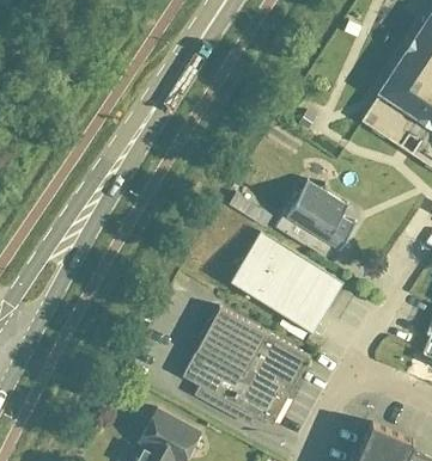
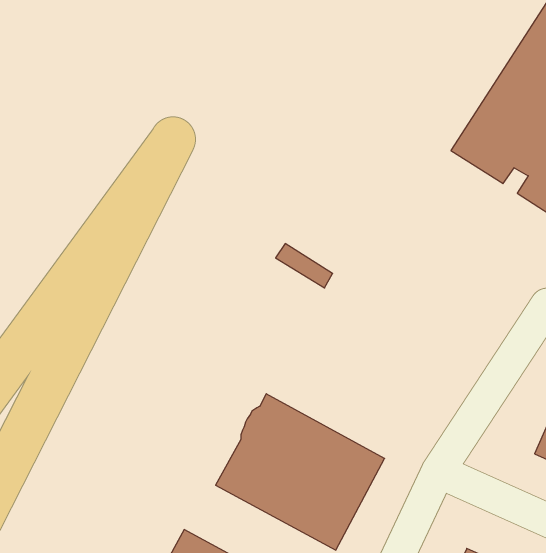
building: [274,182,354,251] -> none
building: [227,235,341,337] -> none

